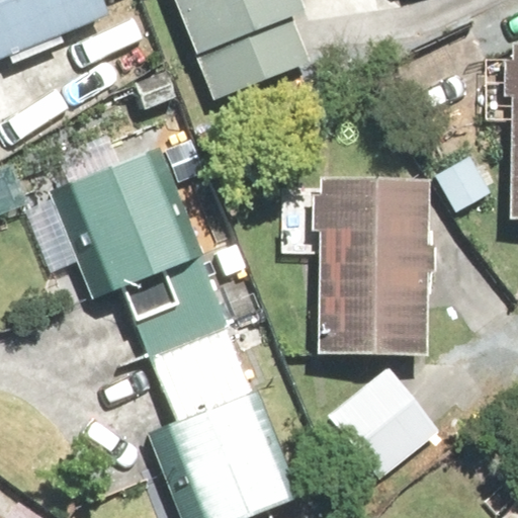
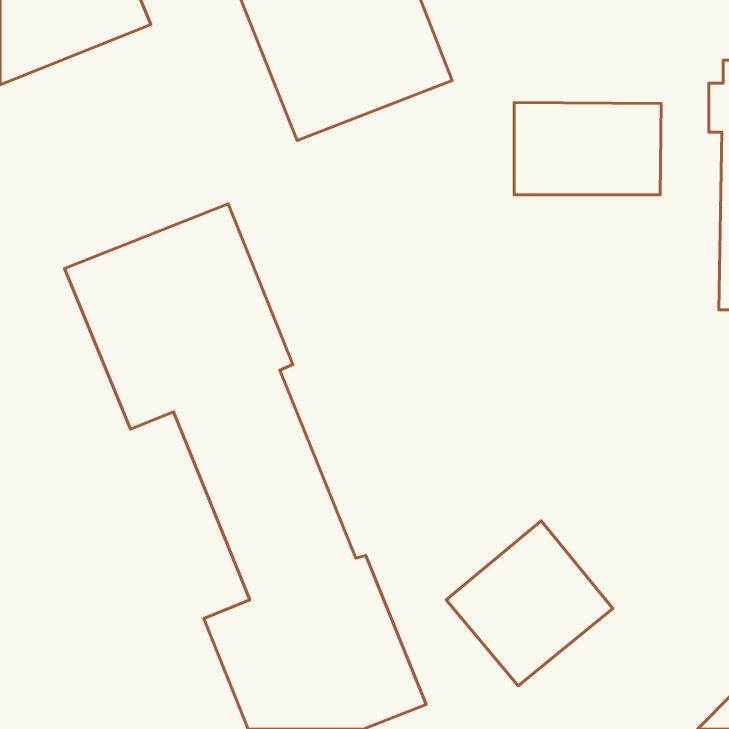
building: none -> [514,103,661,195]
building: [311,177,435,356] -> none

